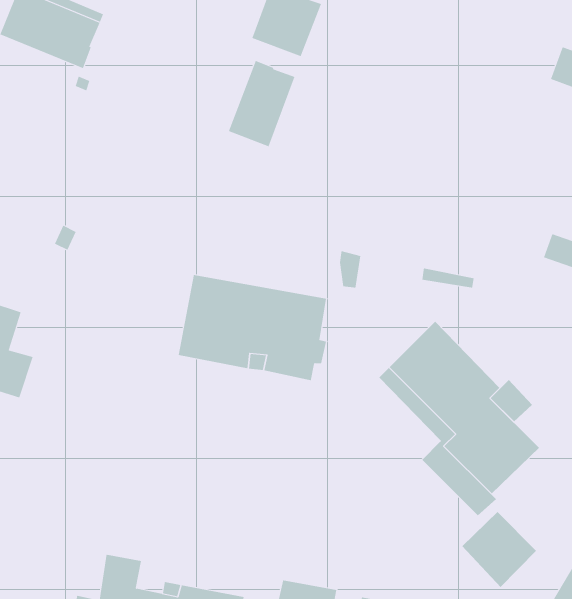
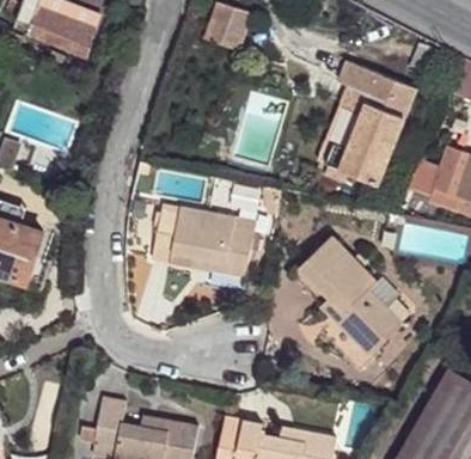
building: [228,60,295,147] -> none
building: none -> [325,60,416,183]
building: [462,511,537,588] -> none

